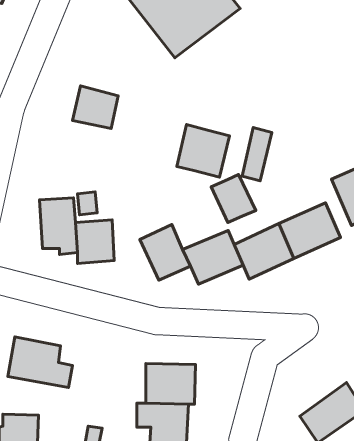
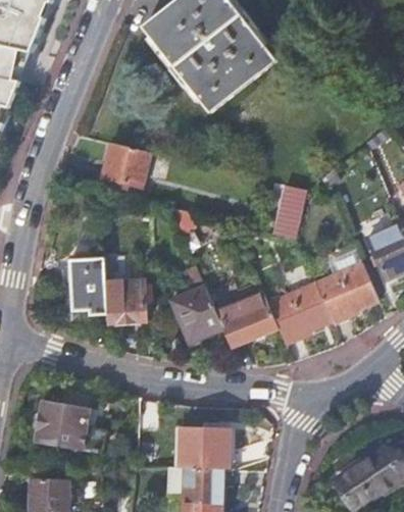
building: [177,124,230,177] -> none
building: [211,174,256,222] -> none

